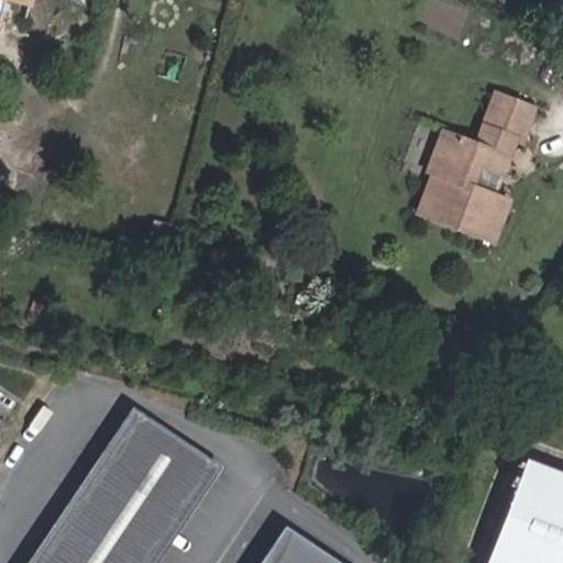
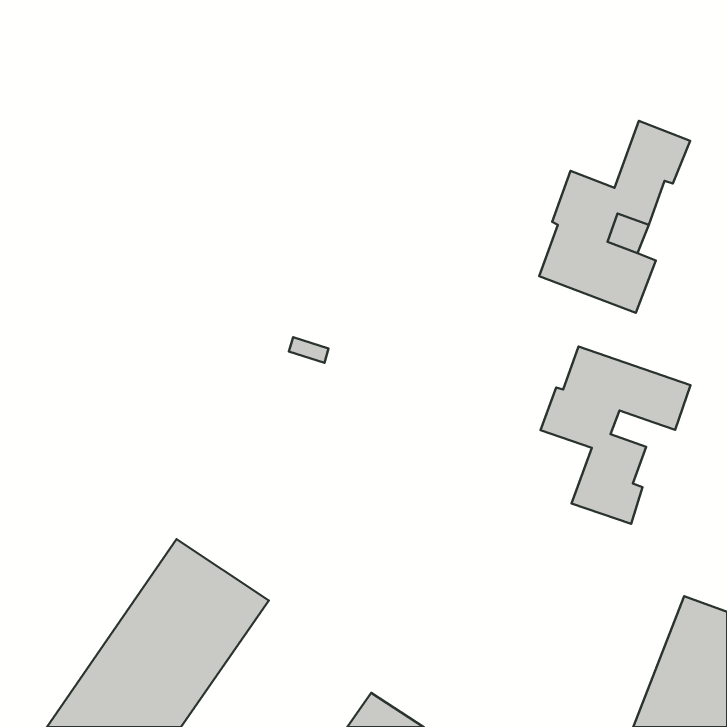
building: none -> [541,347,690,524]

